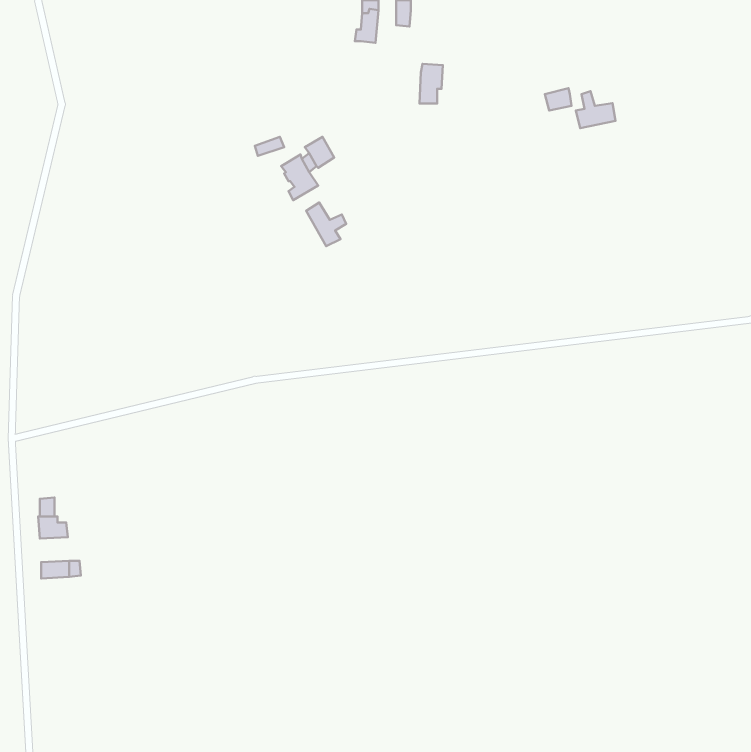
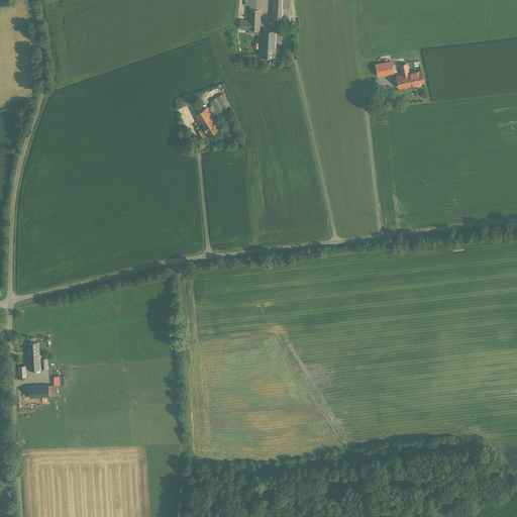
building: [419,64,443,104] -> [258,29,275,57]
building: [306,203,346,246] -> none

